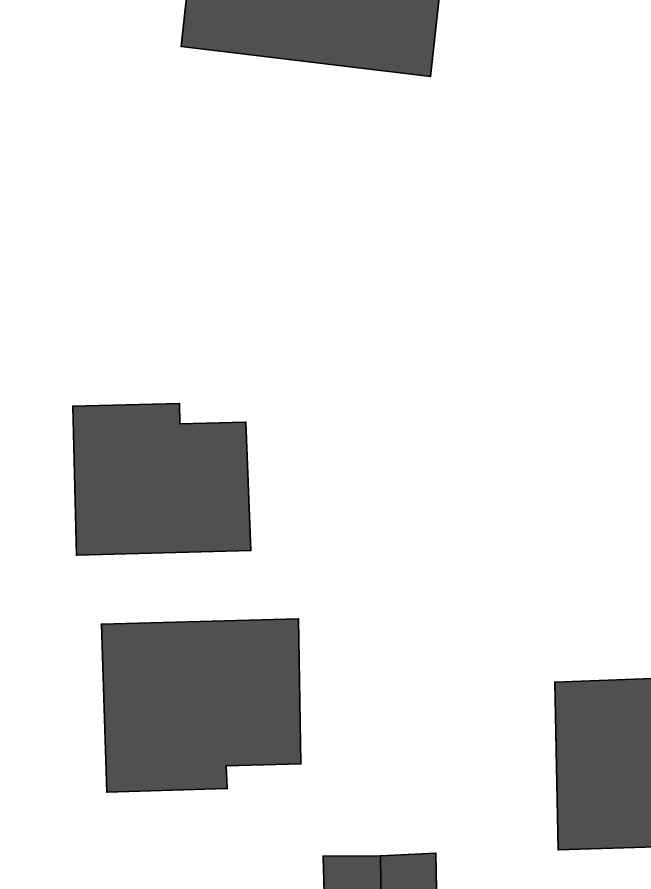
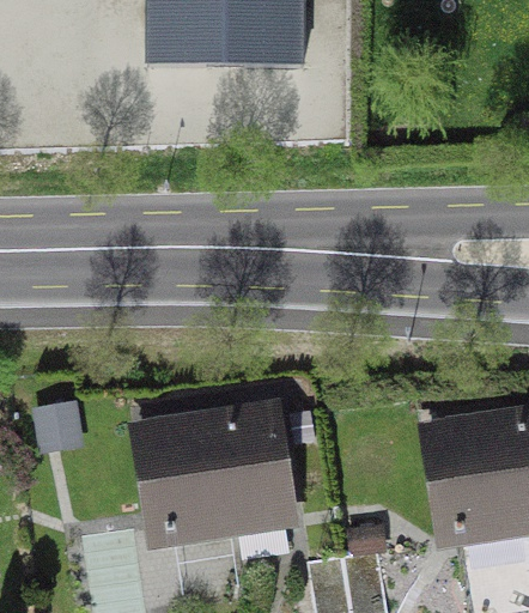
building: [73,404,251,555] -> none

